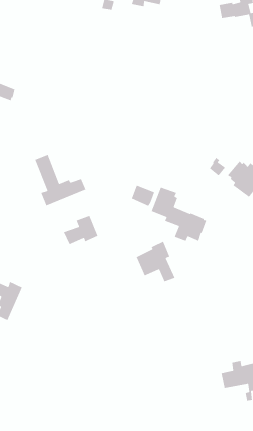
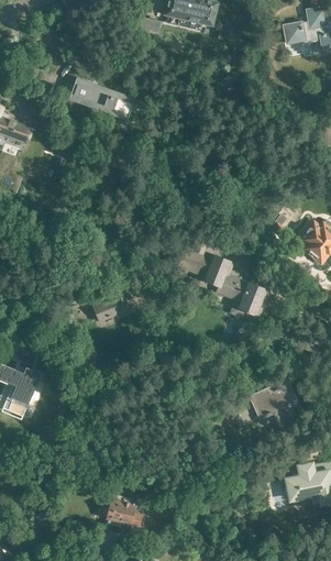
building: none -> [70,79,134,119]
building: [34,154,86,206] -> none
building: [135,240,175,283] -> [249,375,298,428]
building: none -> [106,498,142,526]

